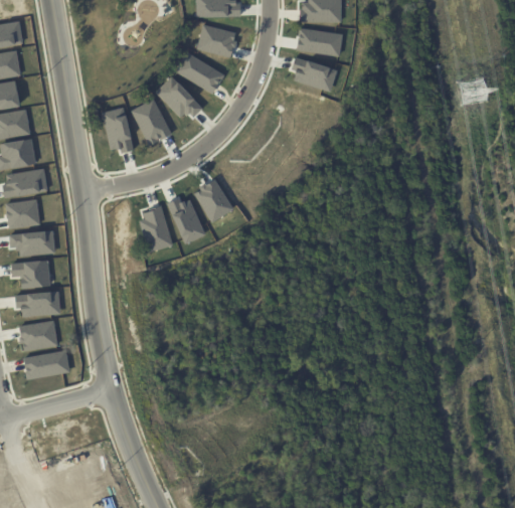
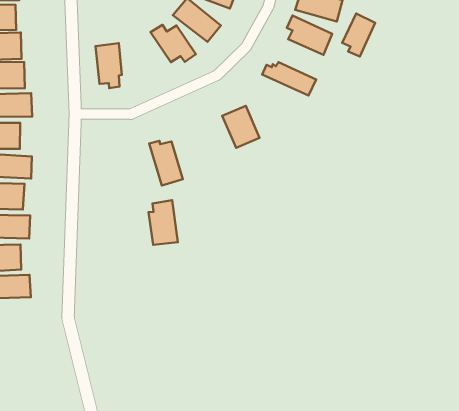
building: none -> [342,14,375,57]
building: [131,99,171,146] -> none
building: none -> [262,62,316,95]
building: [193,180,233,223] -> [222,106,260,148]
building: [139,205,172,252] -> [148,200,178,245]

